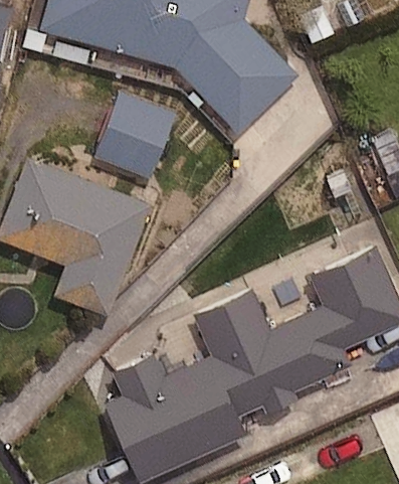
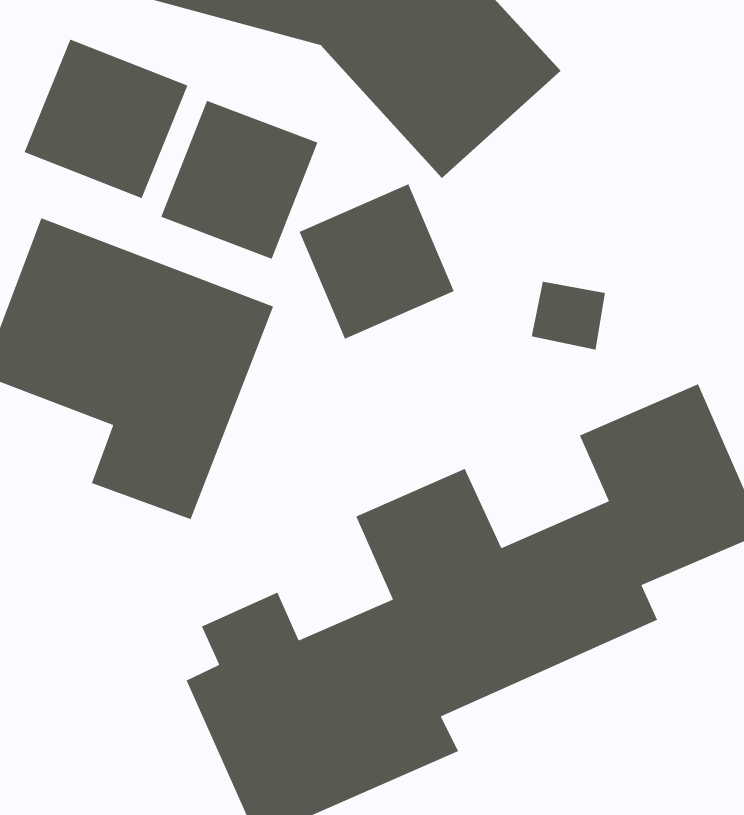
building: none -> [23,39,189,199]
building: none -> [298,183,455,340]

